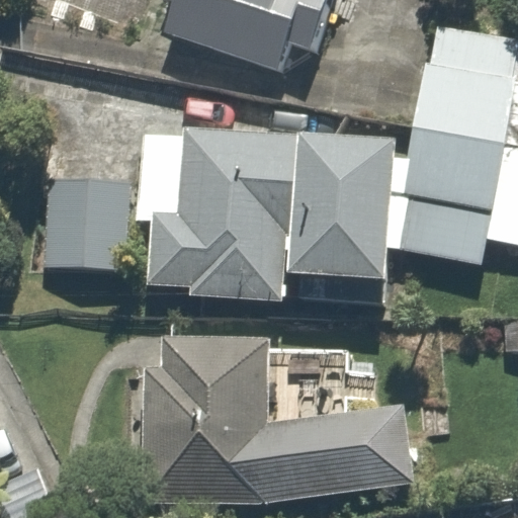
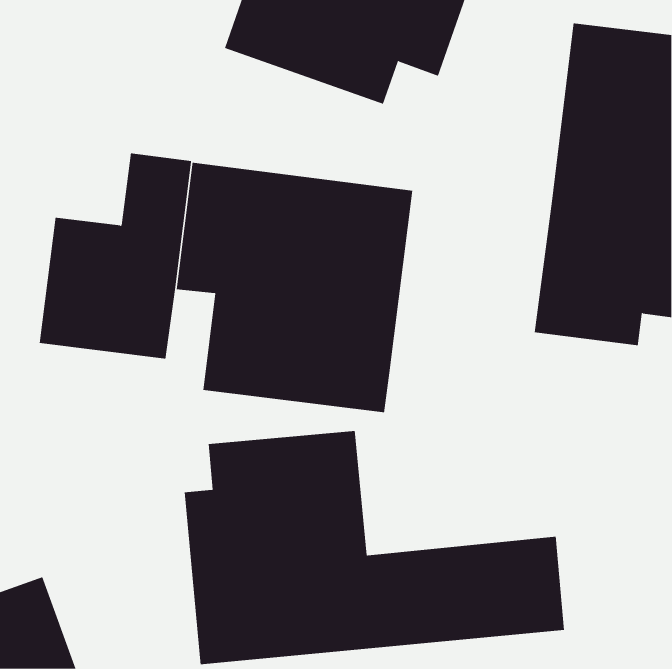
building: [294,139,416,294] -> none

